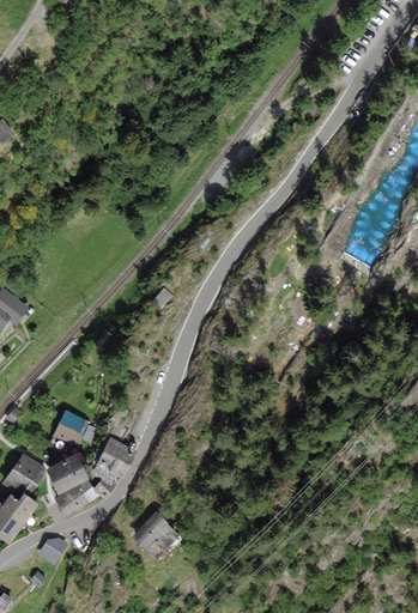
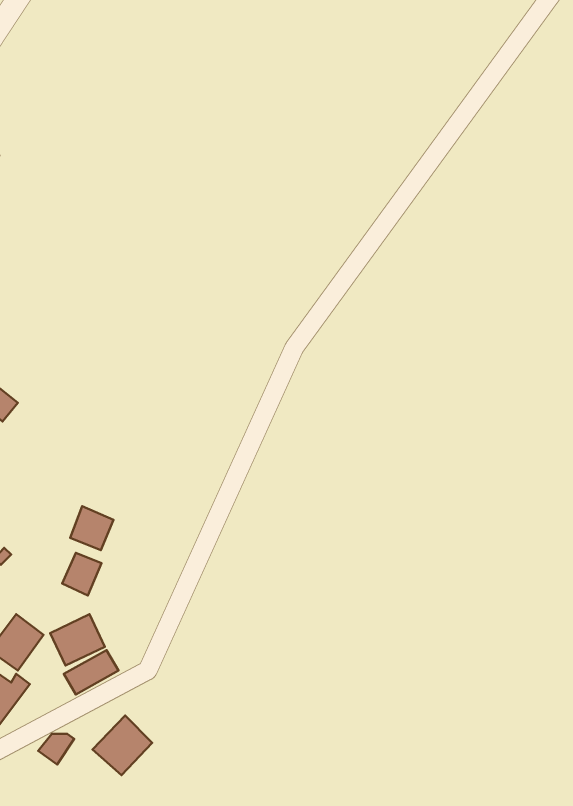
building: none -> [70,506,114,550]
building: [95,439,132,475] -> none
building: [134,514,176,556] -> [93,715,152,775]

